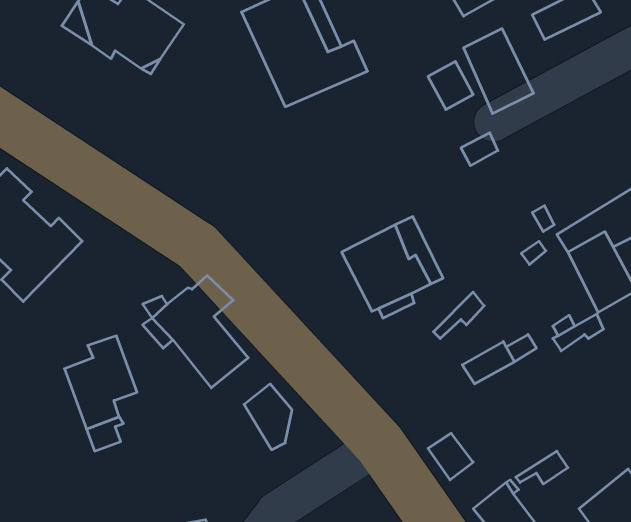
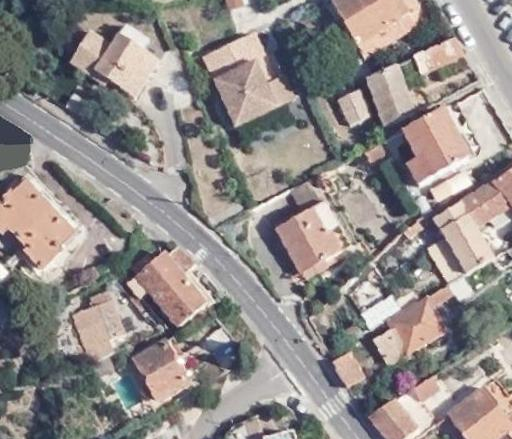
building: none -> [401,108,464,176]
building: none -> [377,297,445,359]
building: none -> [136,344,185,398]

